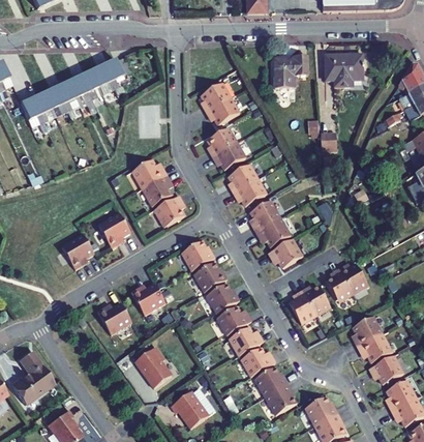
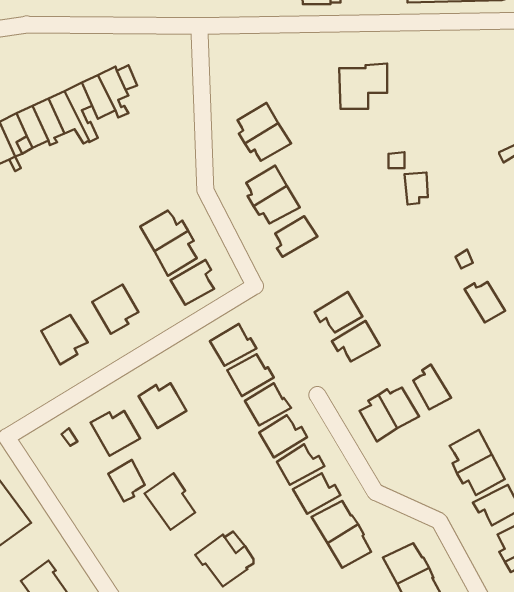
building: [324,54,362,87] -> none
building: [233,178,266,206] -> none
building: [249,200,279,232] -> none
building: [338,264,367,293] -> [464,282,505,322]
building: none -> [108,460,145,502]

